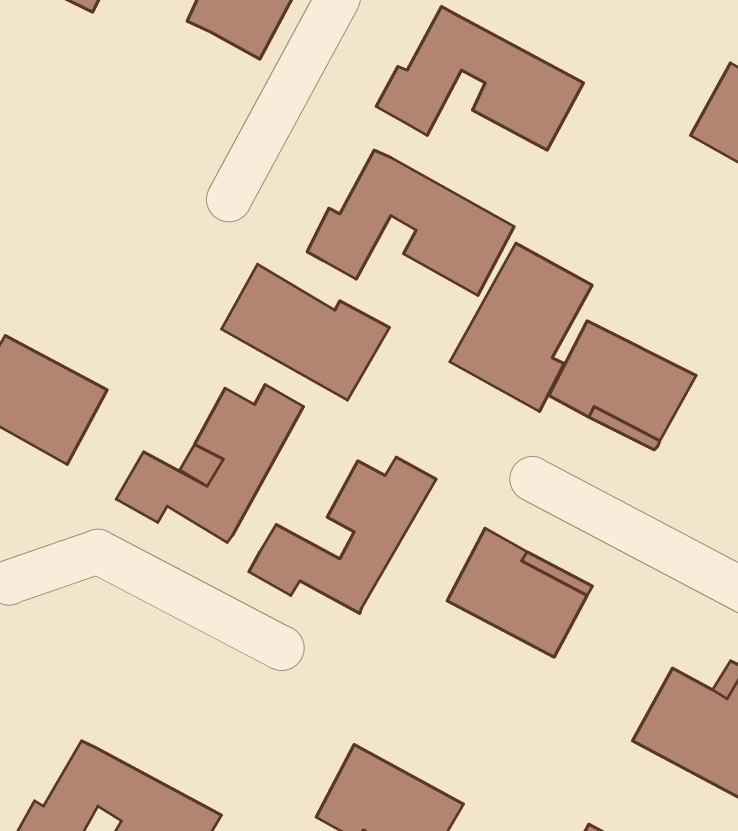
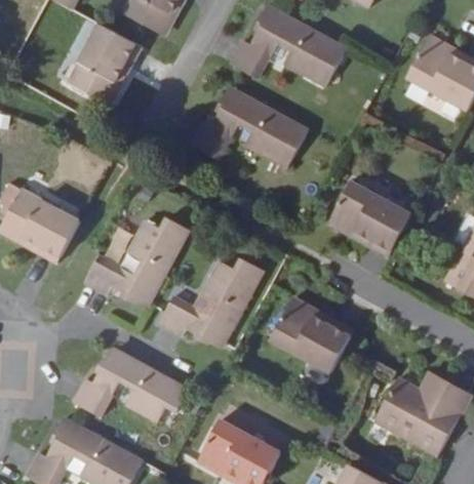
building: none -> [67,24,140,103]
building: [450,243,592,412] -> none
building: [222,264,389,400] -> none
building: none -> [72,347,190,421]

